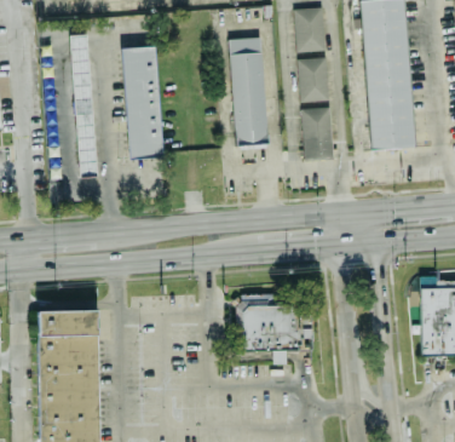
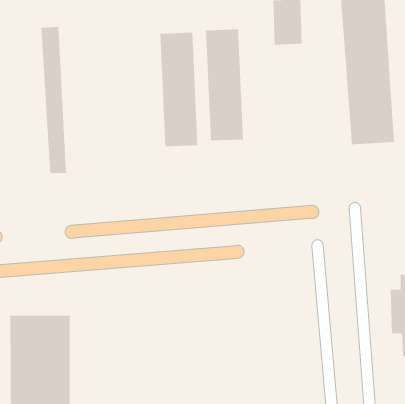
building: [125,45,162,156] -> [160,32,198,147]
building: [299,56,329,99] -> none
building: [303,105,335,159] -> none
building: [241,300,312,362] -> none

